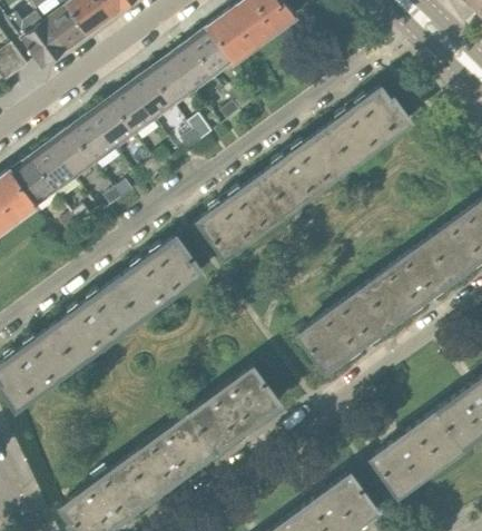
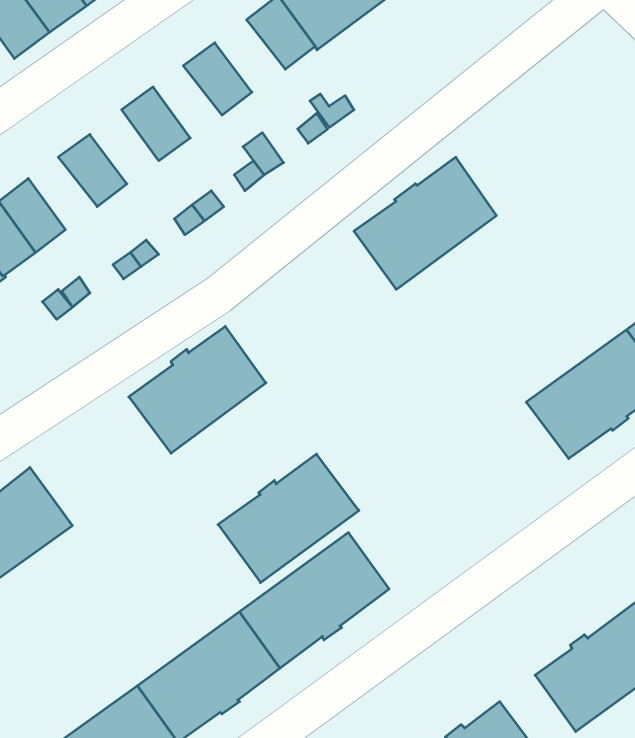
building: [169,45,214,90] -> none
building: [130,73,174,119] -> none
building: [322,89,411,168] -> none
building: [90,101,134,148] -> none
building: [51,131,95,177] -> none
building: [199,178,284,257] -> none
building: [52,283,141,364] -> [218,454,359,583]
building: [299,286,393,371] -> none

